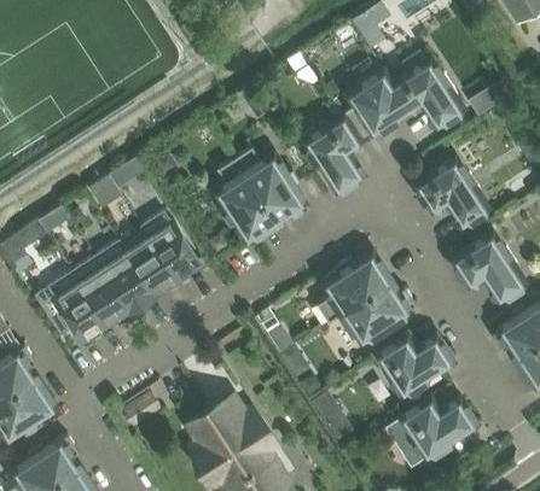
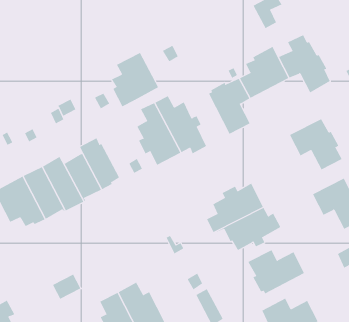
building: none -> [111,52,159,107]

